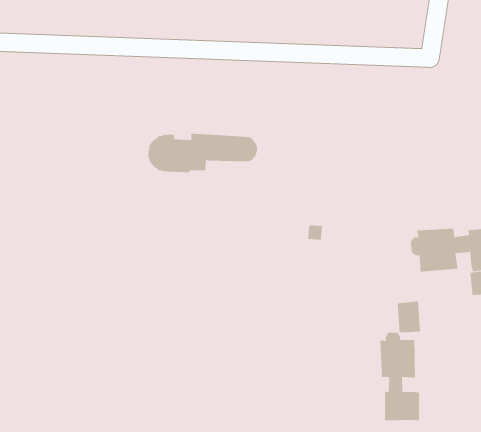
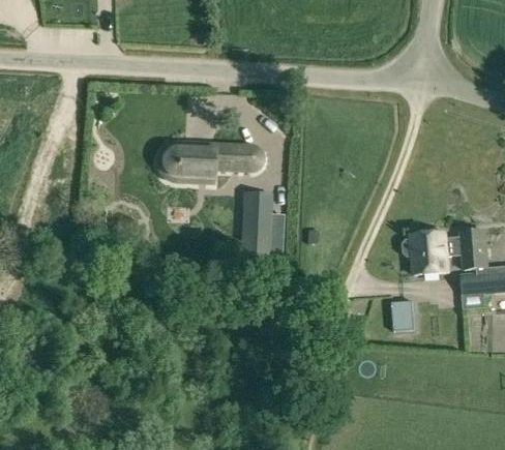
building: none -> [241,192,273,257]
building: [380,332,420,421] -> none

